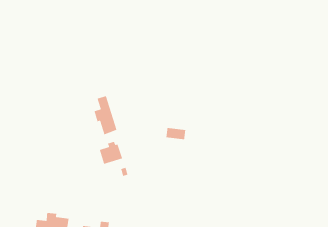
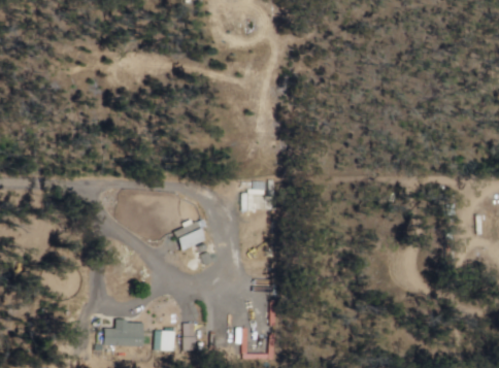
building: [93,95,117,135] -> none

